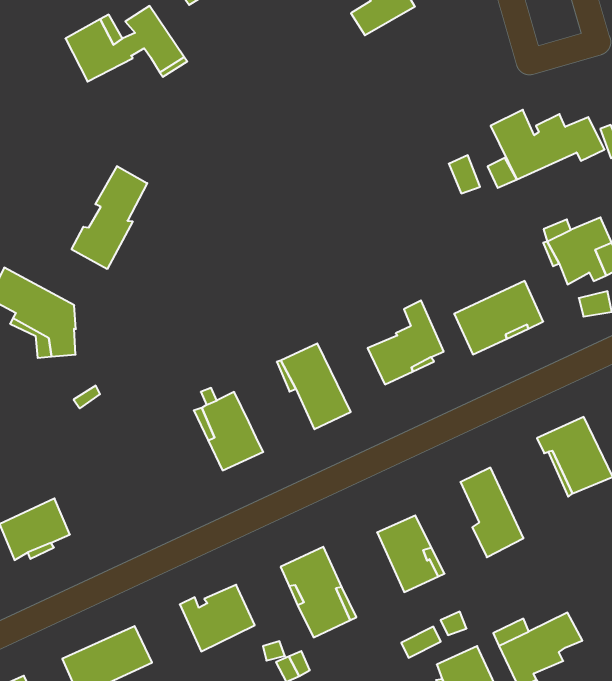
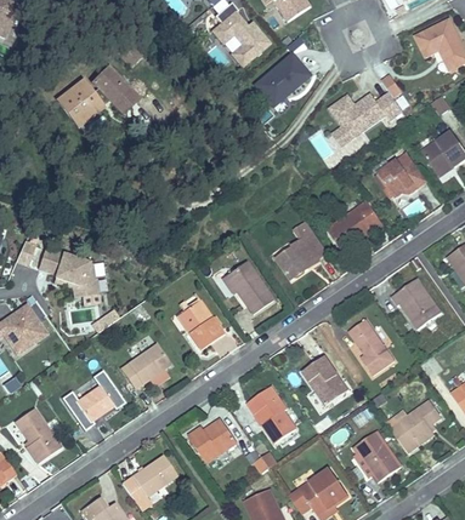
building: none -> [254,52,310,105]
building: [72,166,147,269] -> none
building: none -> [120,344,169,388]

